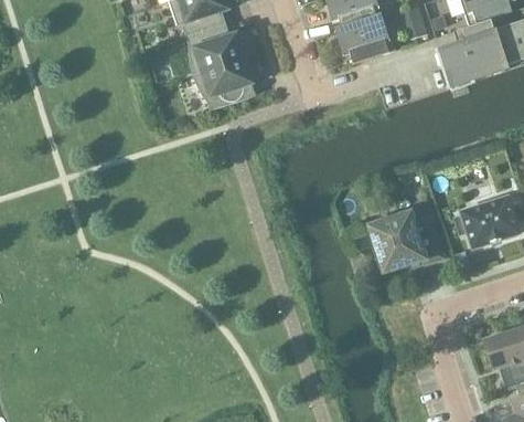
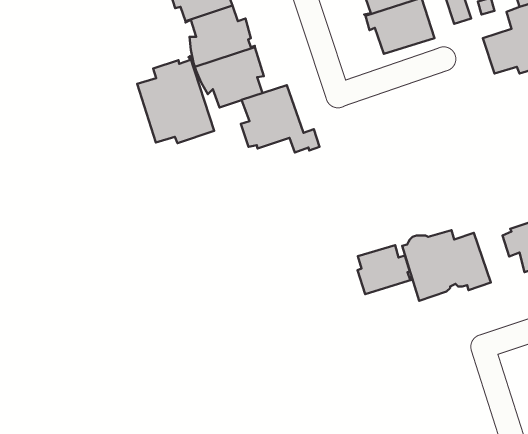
building: none -> [137,56,214,143]
building: none -> [241,85,320,152]
building: none -> [357,245,412,294]

